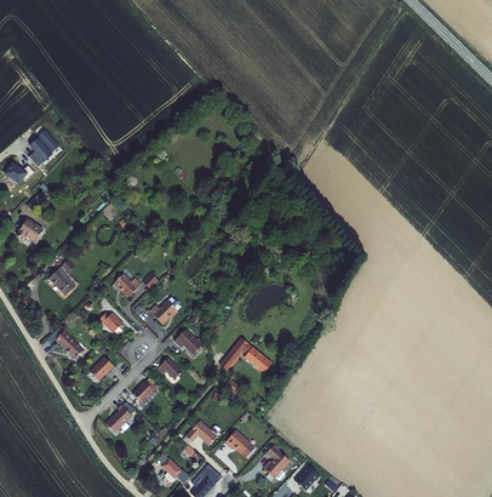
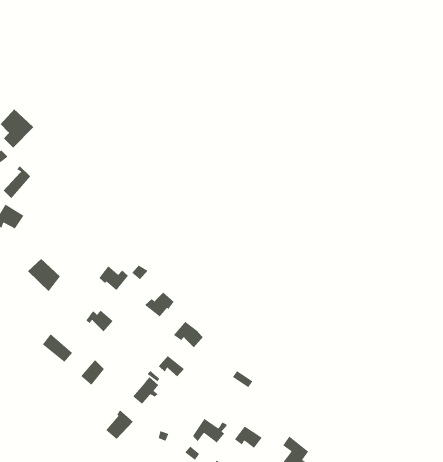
building: [219,338,270,375] -> none

